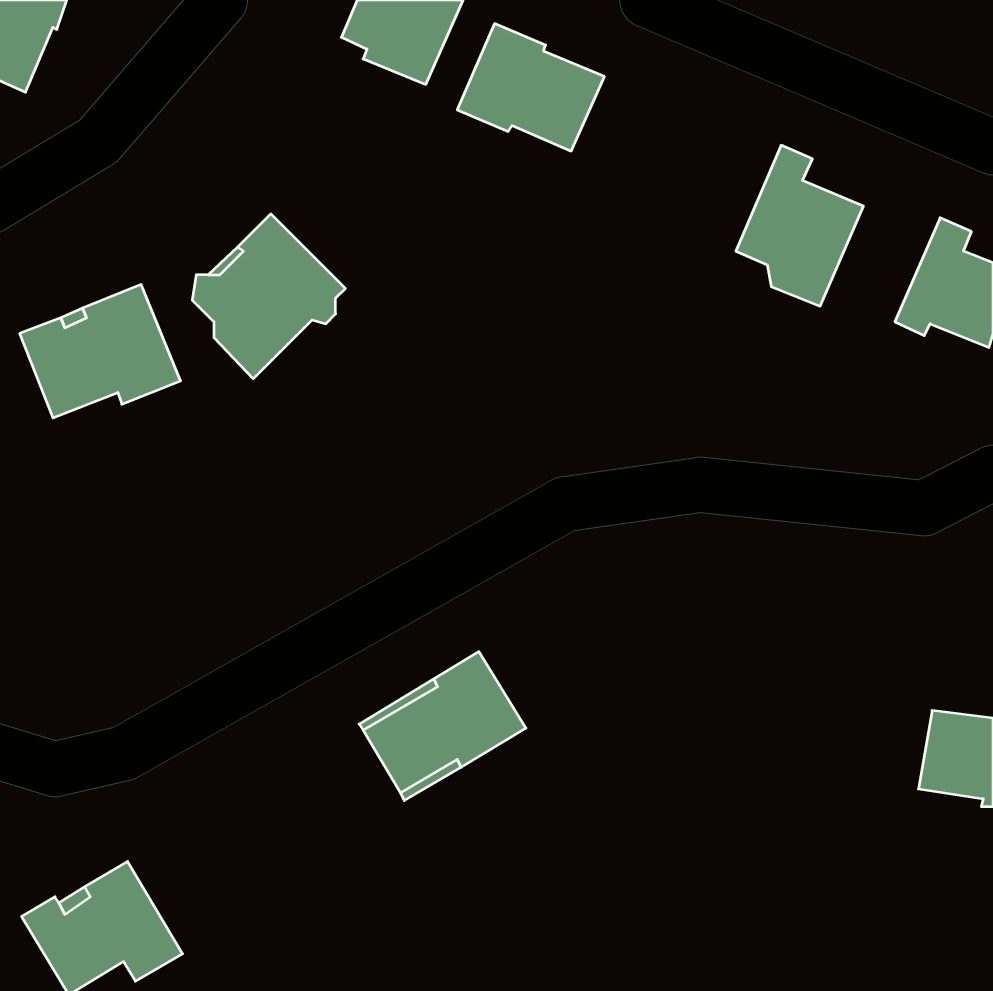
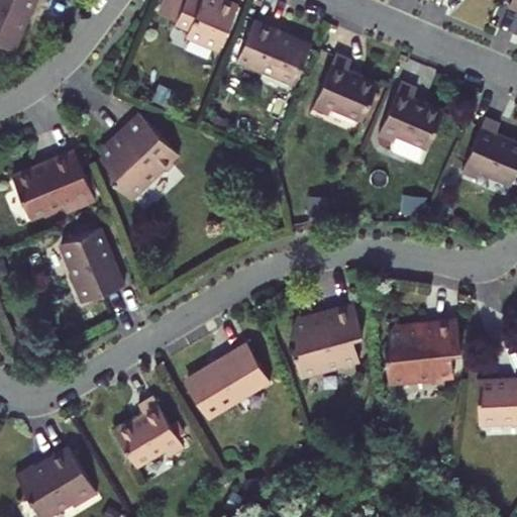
building: none -> [313,54,379,121]
building: none -> [63,229,127,305]
building: none -> [293,303,364,374]
building: none -> [388,320,459,383]
building: none -> [115,396,182,464]

